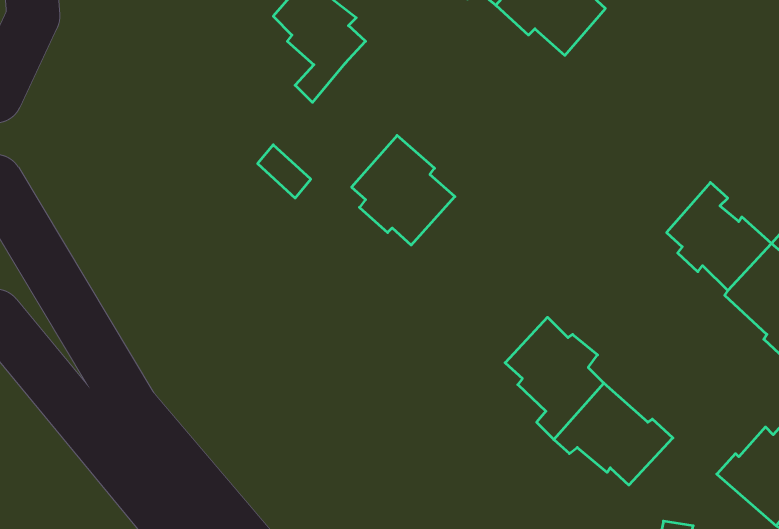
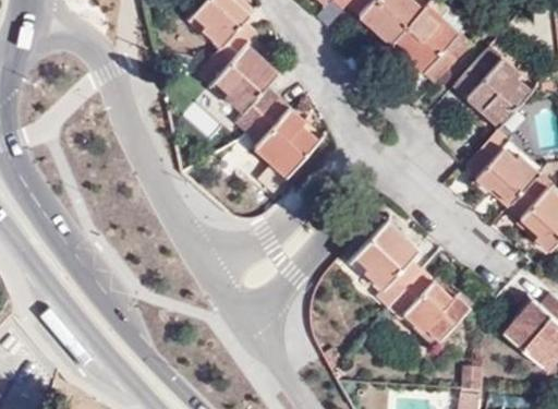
building: none -> [387,10,472,85]
building: none -> [197,48,281,134]
building: none -> [454,48,532,124]

